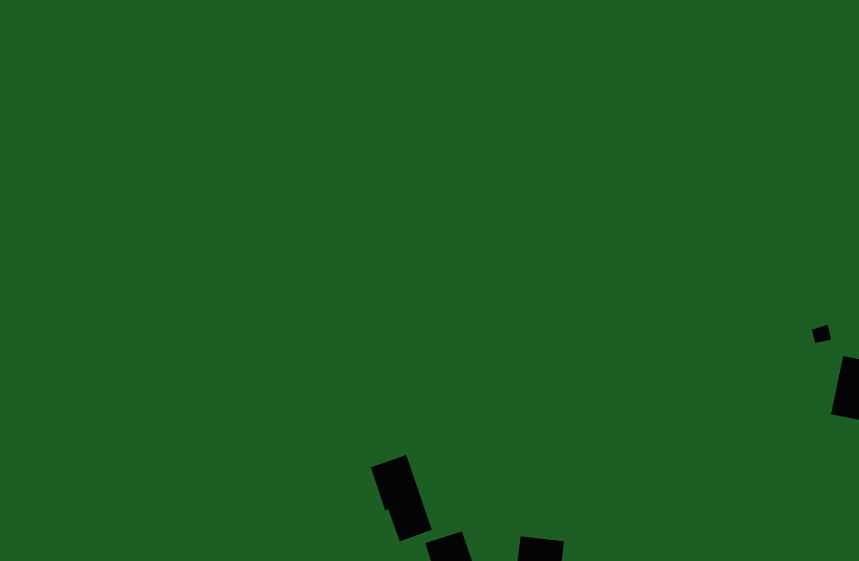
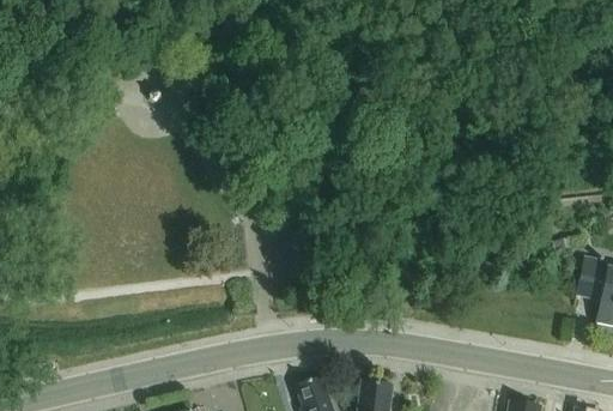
building: [370,454,433,542] -> none

